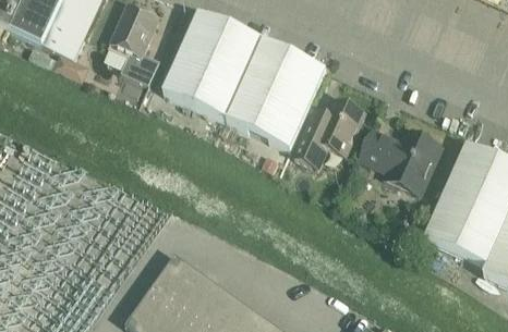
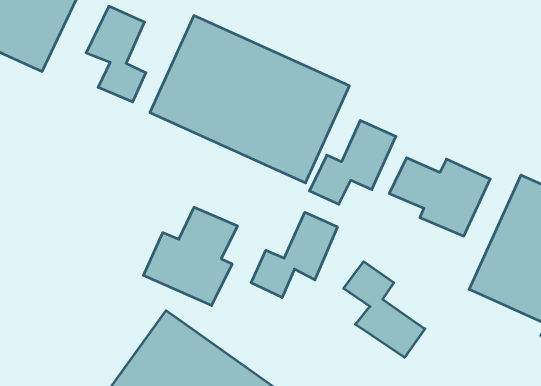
building: none -> [143,207,237,306]
building: none -> [251,212,337,298]
building: none -> [344,262,425,357]

